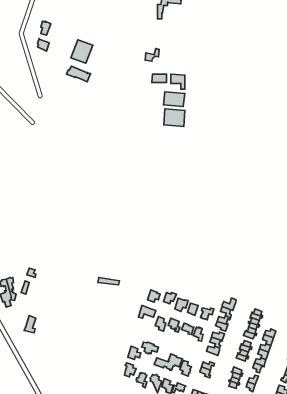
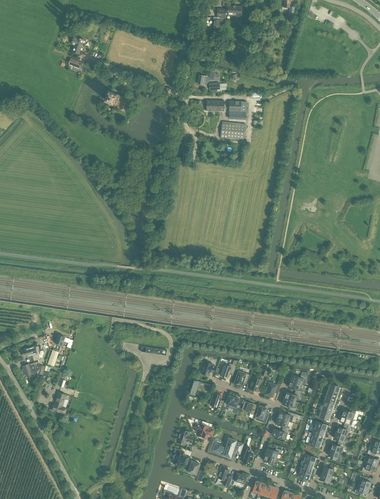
building: [71,40,93,63] -> none
building: [164,109,185,127] -> none

